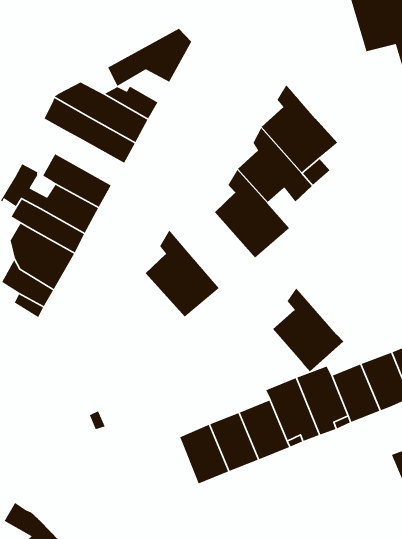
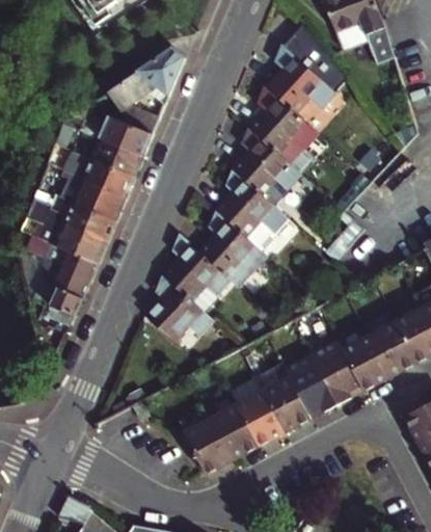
building: none -> [272,24,354,115]
building: none -> [48,142,133,196]
building: none -> [144,271,213,341]
building: [272,287,344,372] -> [201,211,268,287]
building: none -> [181,419,231,475]

